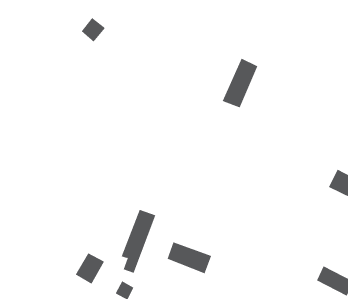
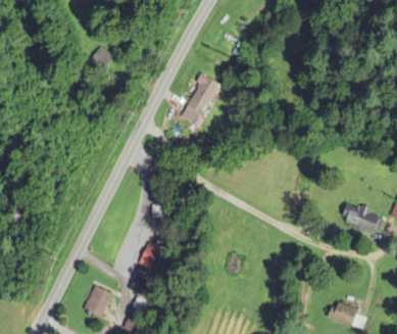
building: [222,58,258,108] -> [182,74,218,125]
building: [167,241,212,274] -> none

